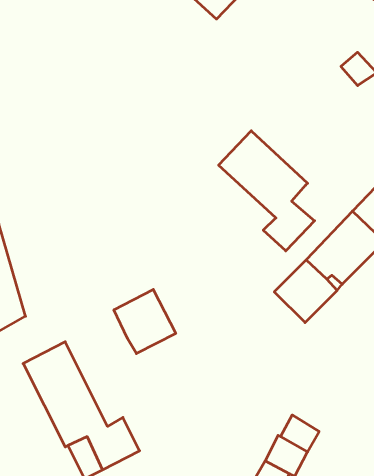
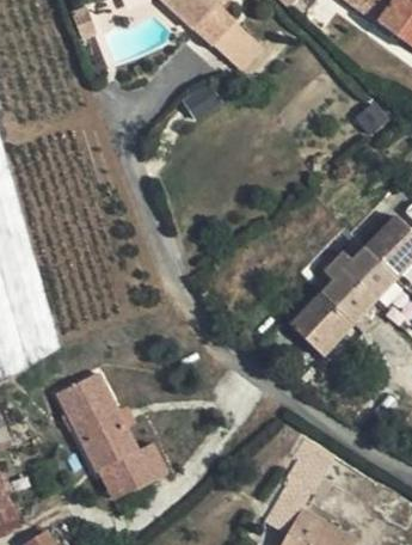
building: [219,131,315,251] -> none
building: [114,289,176,354] -> none

